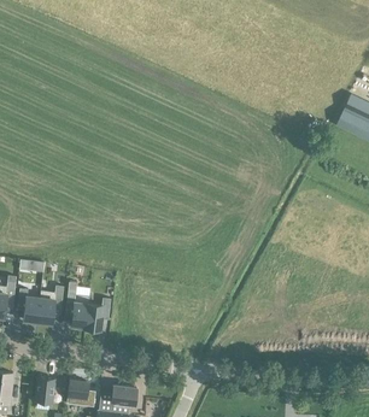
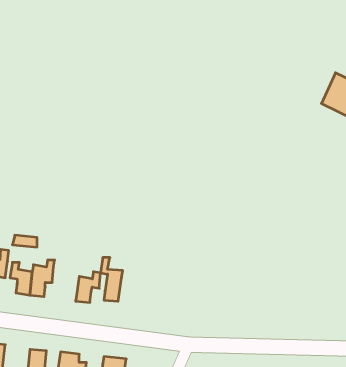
building: [66,282,89,327] -> [100,258,123,301]

